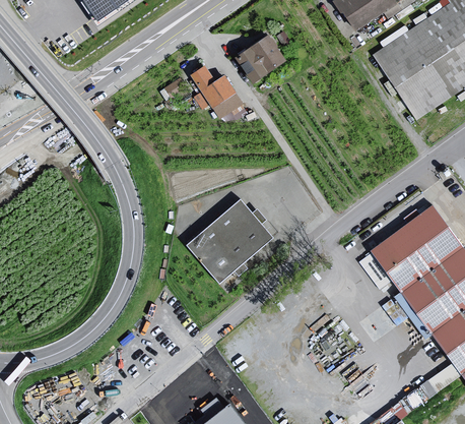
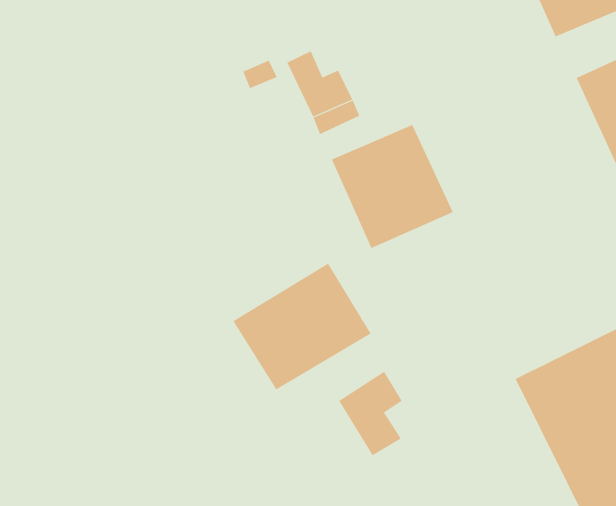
building: [238,36,287,84] -> none
building: none -> [331,124,453,249]
building: none -> [339,371,403,456]

